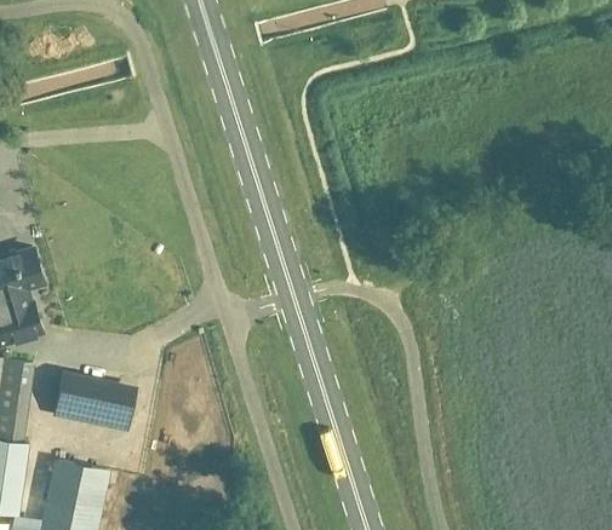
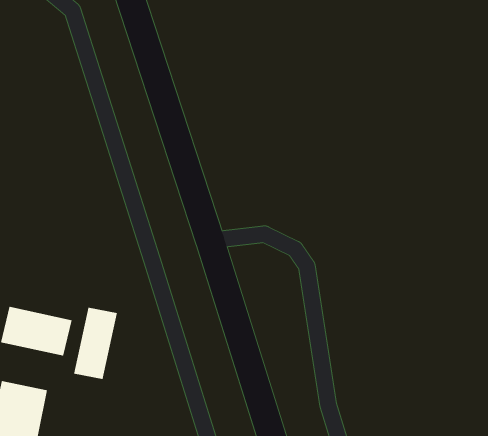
building: none -> [74,307,118,380]

